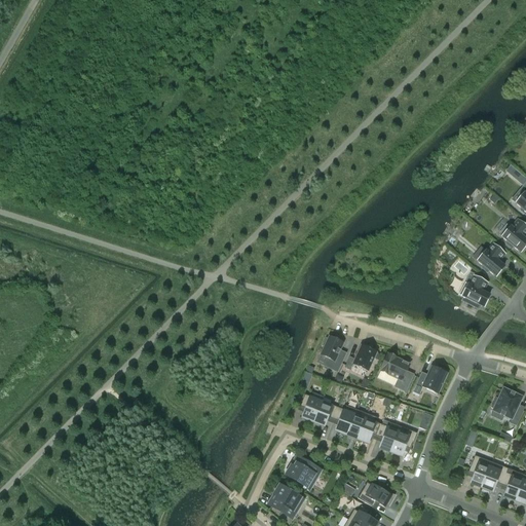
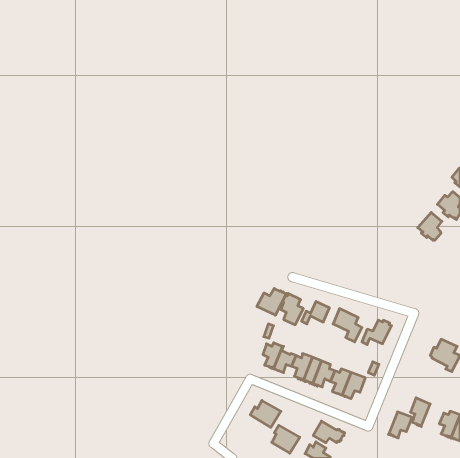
building: [458,274,489,305] -> none
building: none -> [257,288,286,315]
building: [481,461,508,491] -> [388,412,412,438]
building: [271,485,303,517] -> [272,425,300,453]

